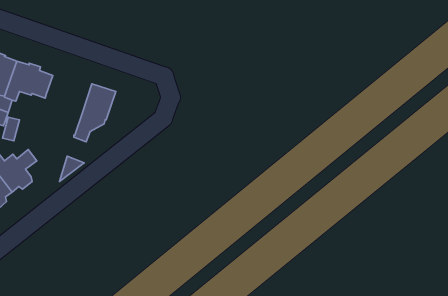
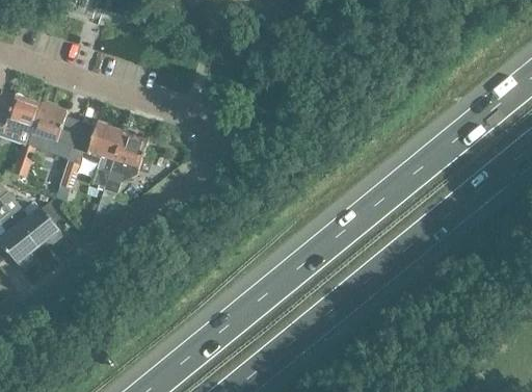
building: none -> [56,122,119,188]

